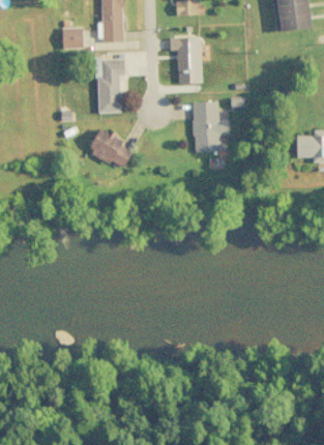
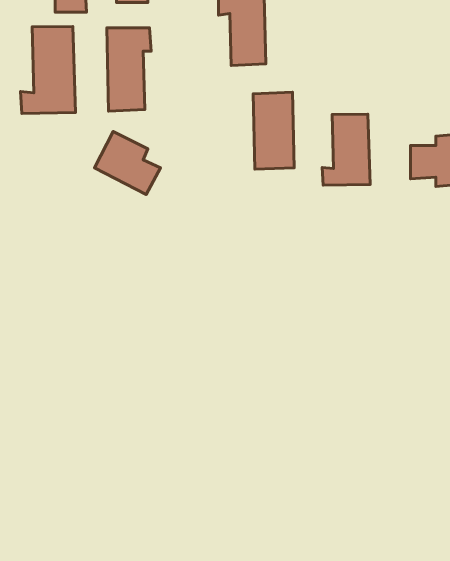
building: none -> [21,27,75,114]
building: none -> [322,114,370,185]

